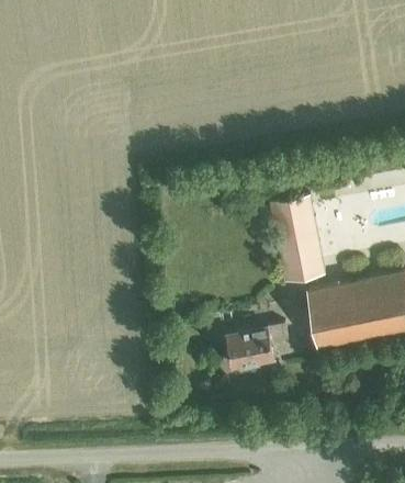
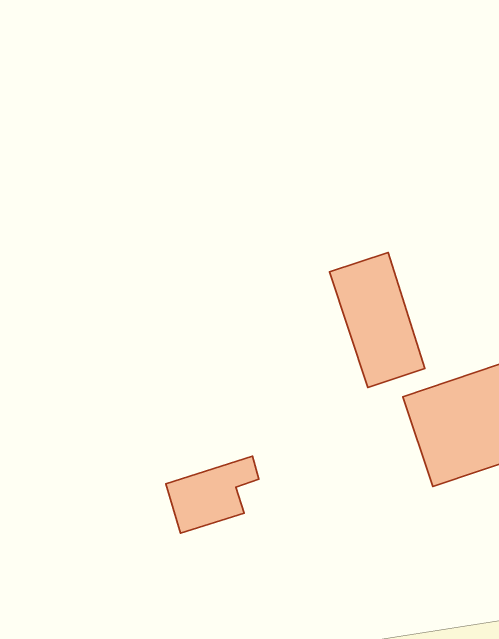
building: [225,324,285,368] -> [166,456,259,533]

